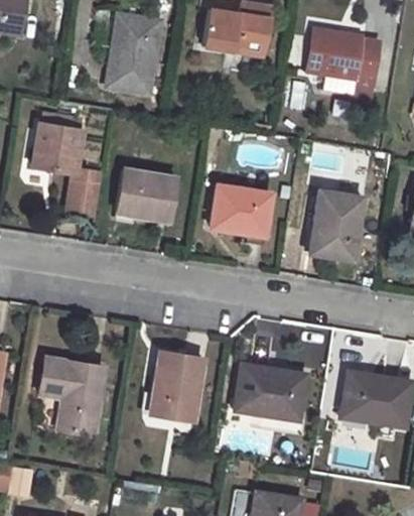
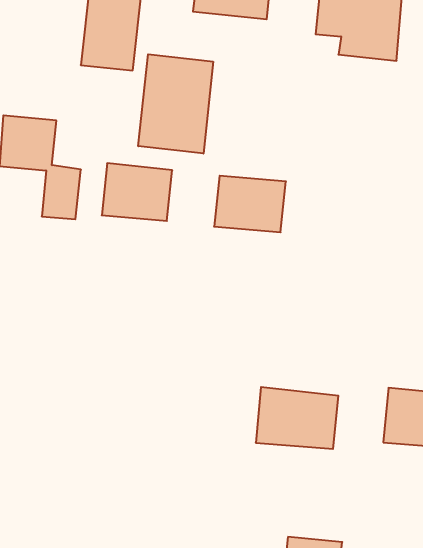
building: none -> [138,54,213,154]
building: [310,189,362,259] -> none
building: [150,350,204,421] -> none
building: [41,357,105,434] -> none

